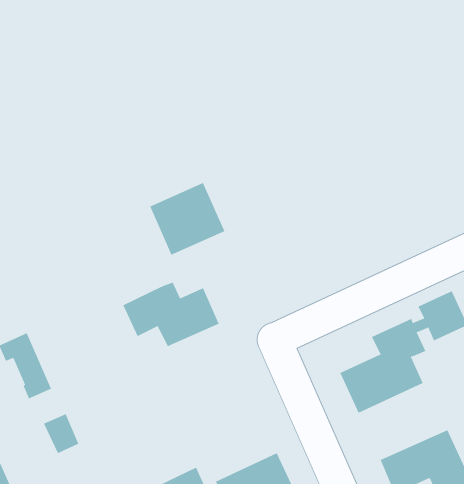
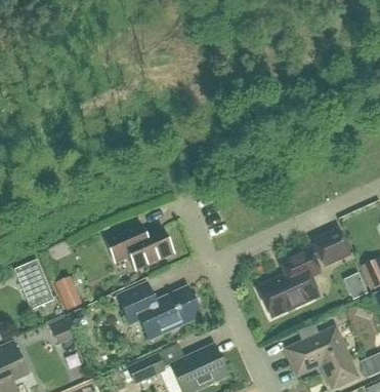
building: [149,182,225,255] -> none
building: none -> [54,274,82,310]
building: none -> [117,282,202,340]

